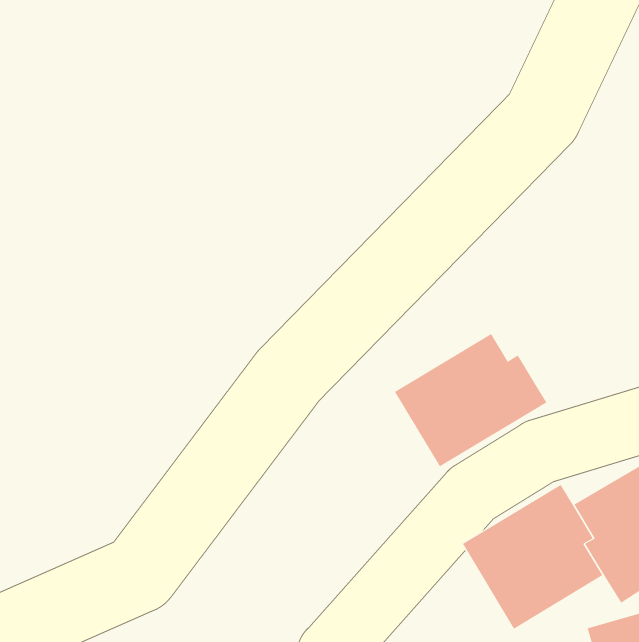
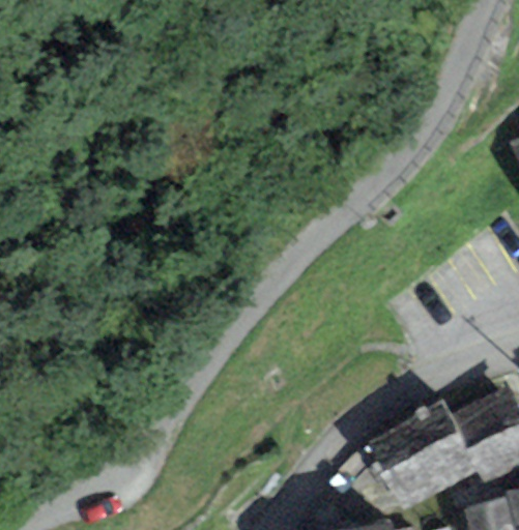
building: [394,333,547,467] -> none

